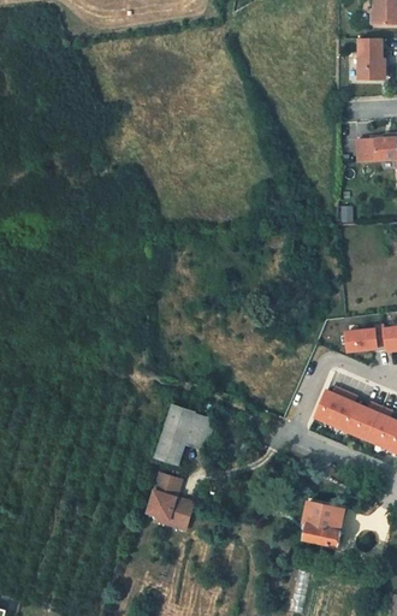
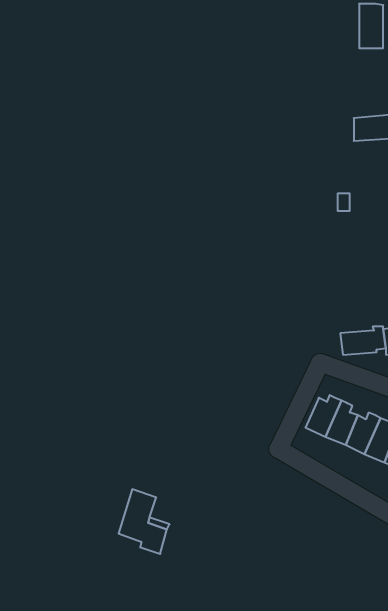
building: [152,403,214,466] -> none
building: [303,503,344,546] -> none

